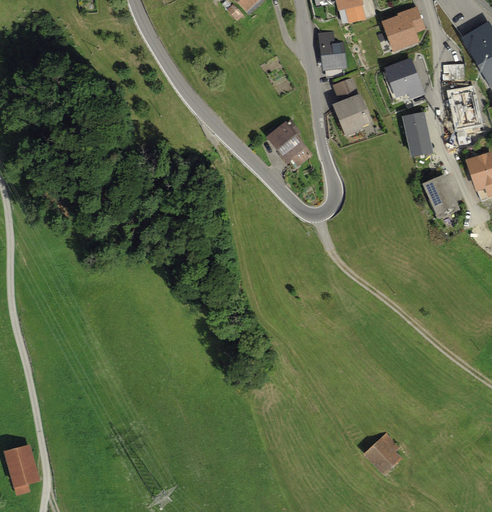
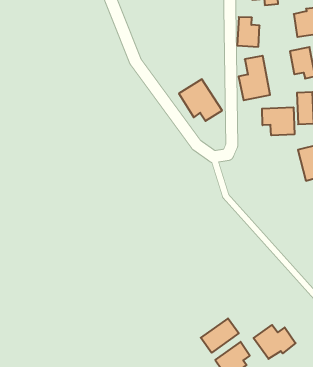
building: none -> [262,107,294,135]
building: none -> [254,325,296,359]
building: none -> [201,318,239,353]

